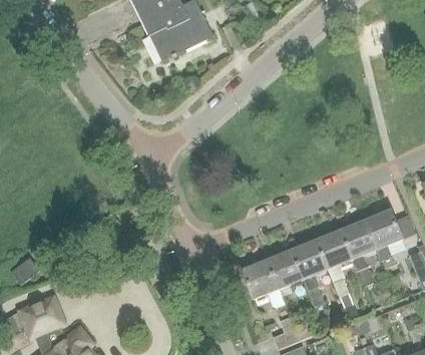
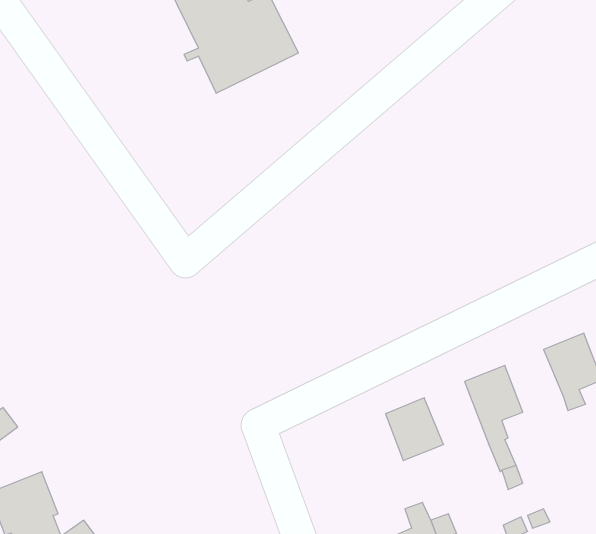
building: [342,221,378,287] -> none
building: [292,241,328,307] -> none
building: [243,261,285,308] -> none

